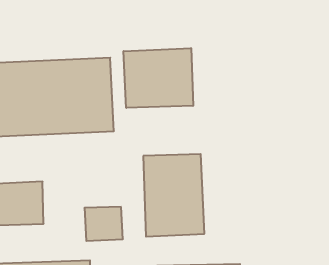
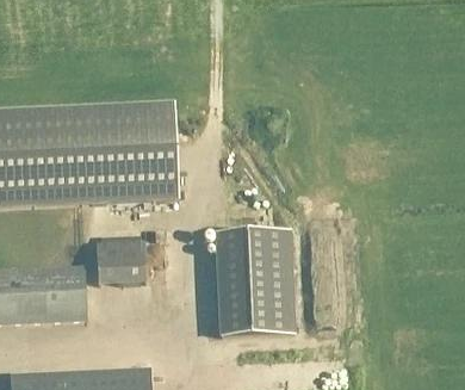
building: [124,48,193,108] -> none
building: [84,207,123,241] -> [98,240,148,284]

